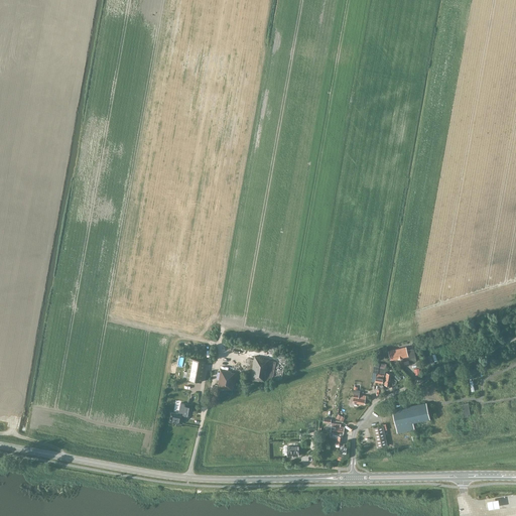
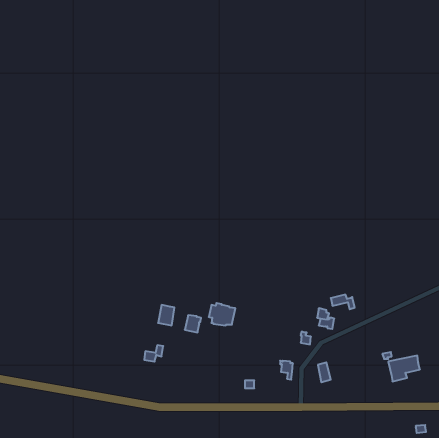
building: [392,404,429,434] -> [388,356,420,381]

